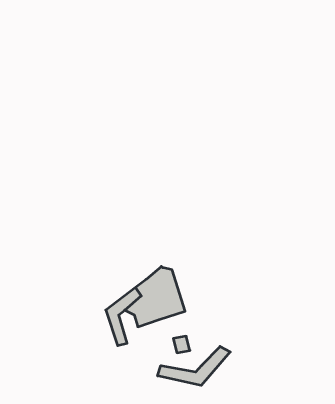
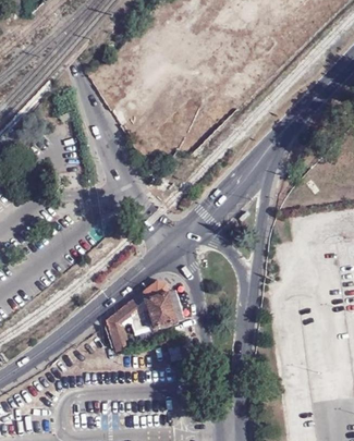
building: [158,346,230,385] -> none

